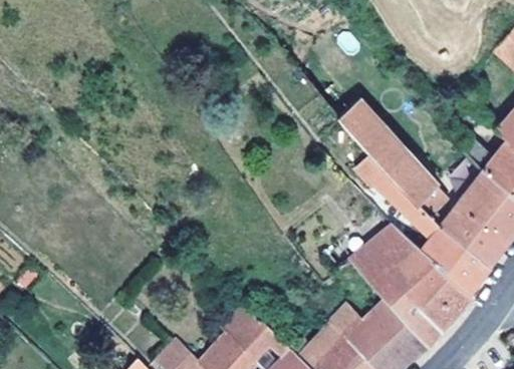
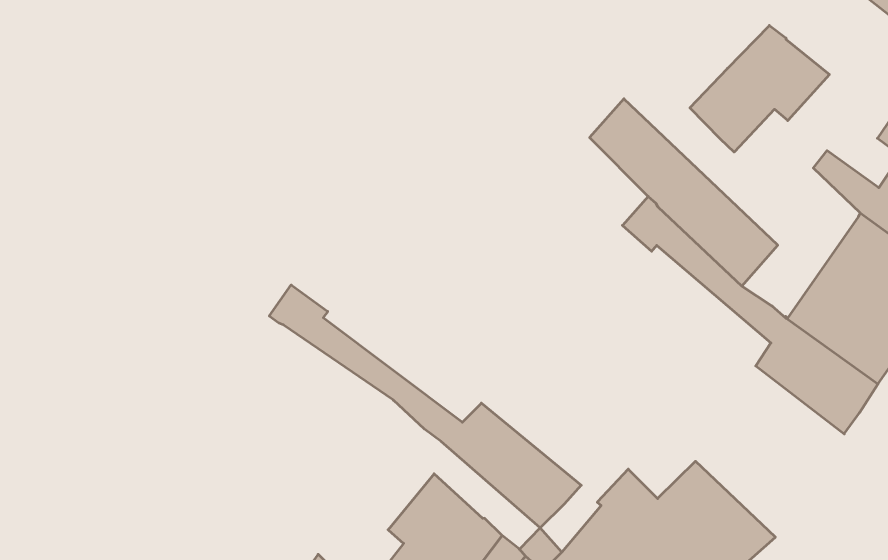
building: none -> [690,25,829,152]
building: none -> [269,285,581,528]
building: [350,226,473,346] -> none

